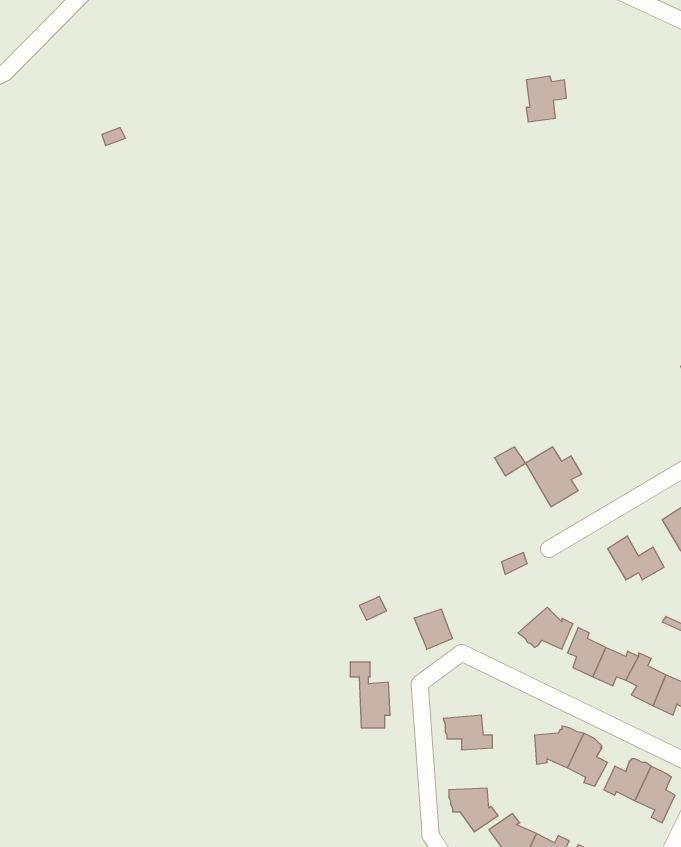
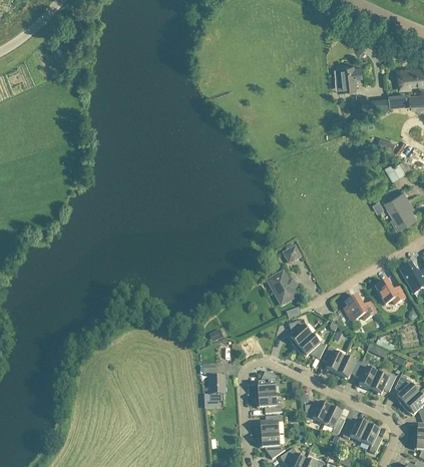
building: [526,76,566,122] -> [339,64,361,89]
building: [525,447,582,507] -> [267,272,298,305]
building: none -> [289,319,312,349]
building: none -> [255,370,278,396]
building: none -> [258,415,283,435]

